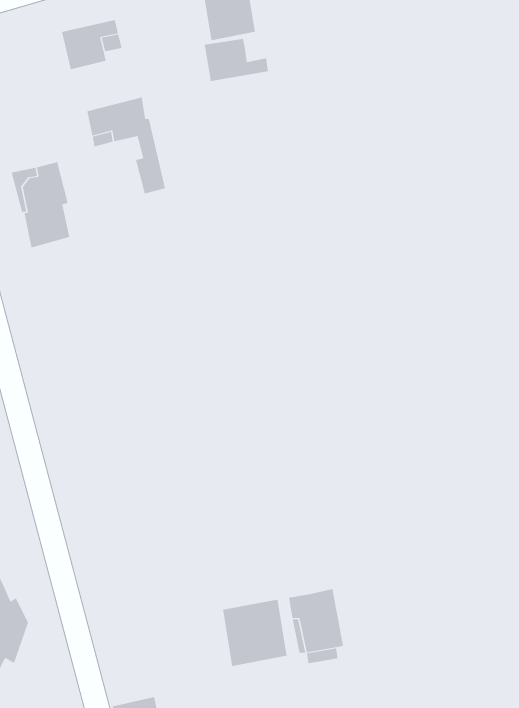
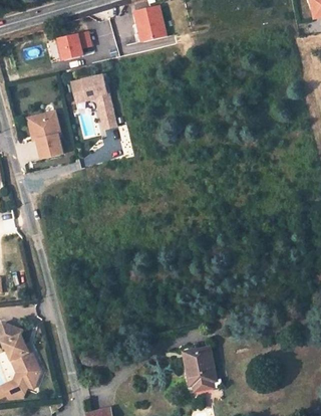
building: [204,38,269,82] -> none
building: [223,599,287,667] -> none

